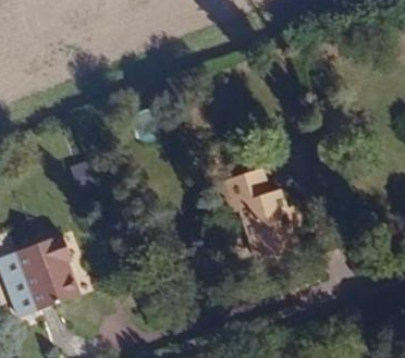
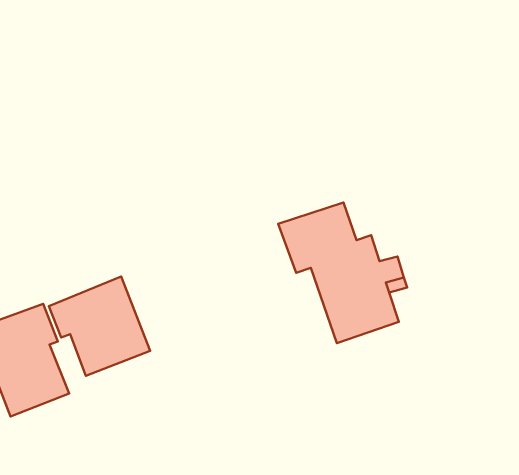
building: none -> [49,277,150,376]

